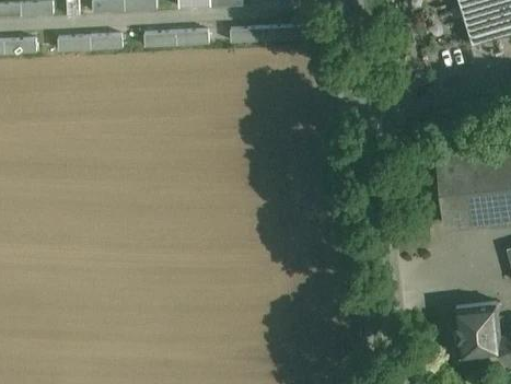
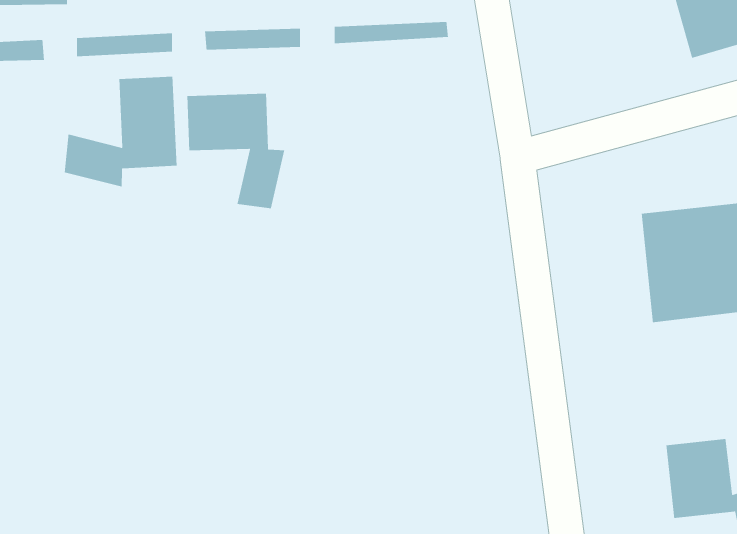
building: none -> [64,76,178,187]
building: none -> [187,93,285,209]

